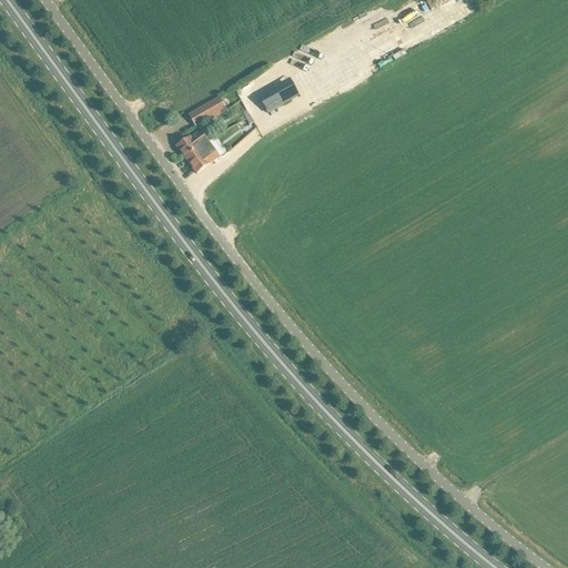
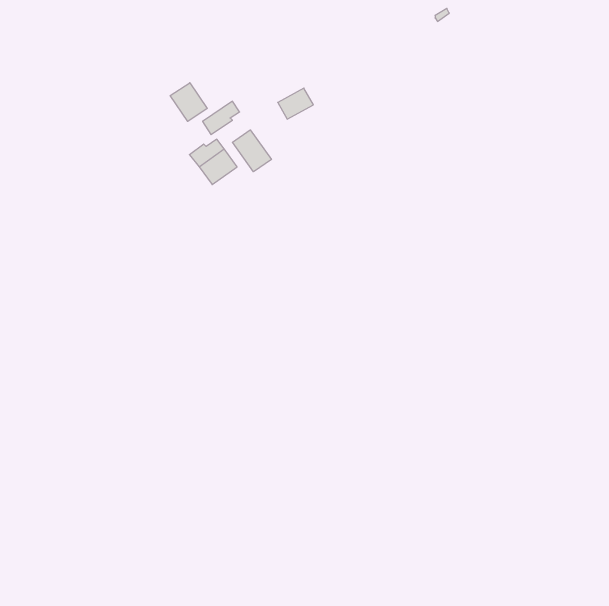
building: none -> [170,83,207,121]
building: none -> [232,130,271,172]

